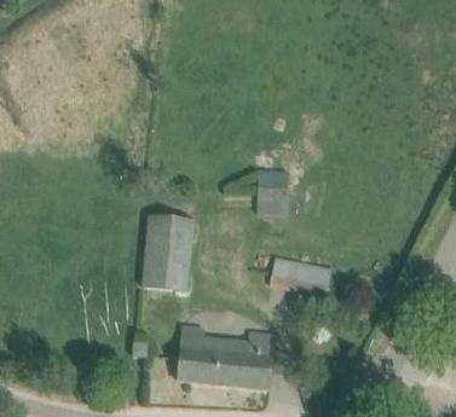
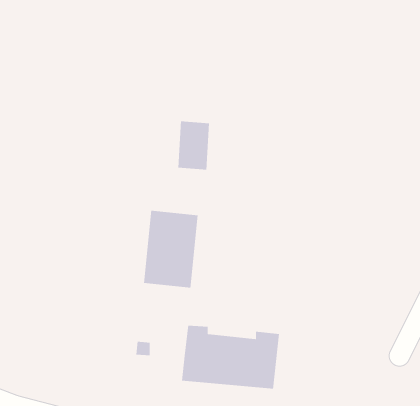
building: [256,167,288,215] -> [178,121,210,170]
building: [271,255,333,295] -> none

